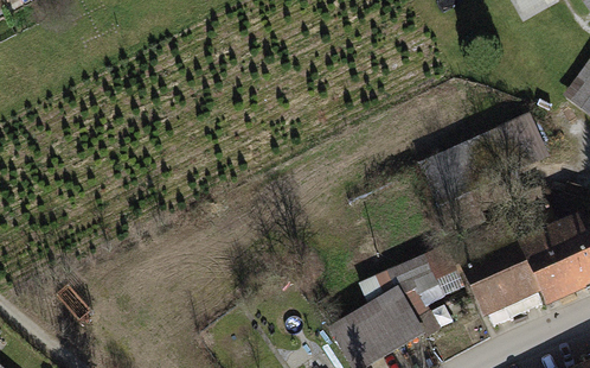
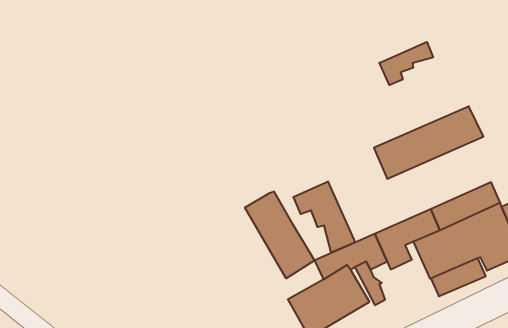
building: none -> [379,42,433,85]
building: none -> [293,181,355,253]
building: none -> [245,191,315,278]

